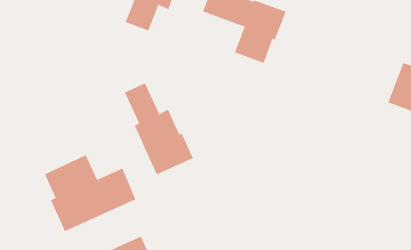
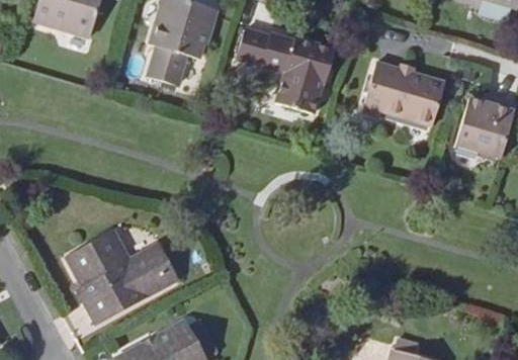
building: none -> [364,62,446,126]
building: [124,83,193,175] -> none

